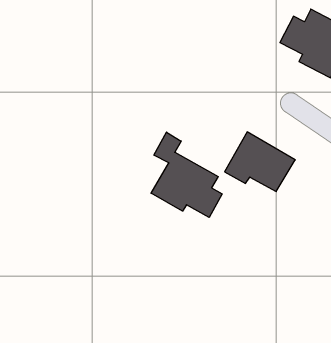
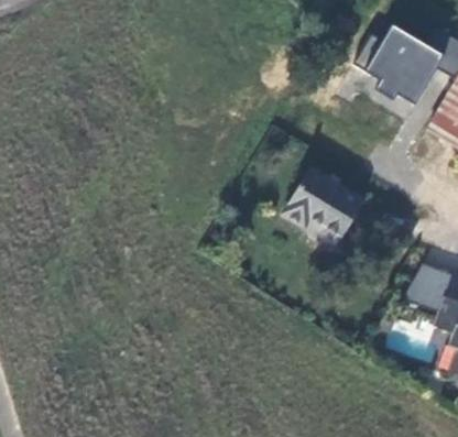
building: [151,132,222,217] -> none

